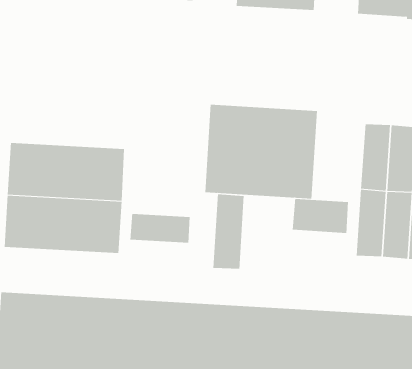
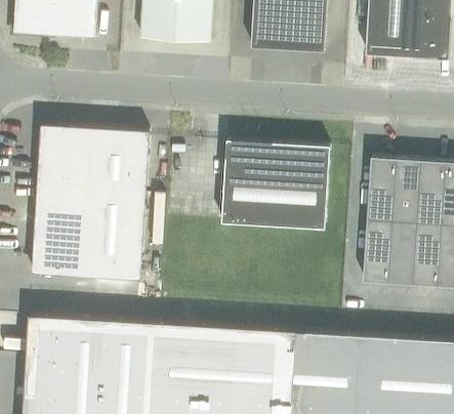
building: none -> [39,125,150,181]
building: [213,193,244,269] -> none
building: [292,198,349,234] -> none
building: [130,213,190,243] -> none

